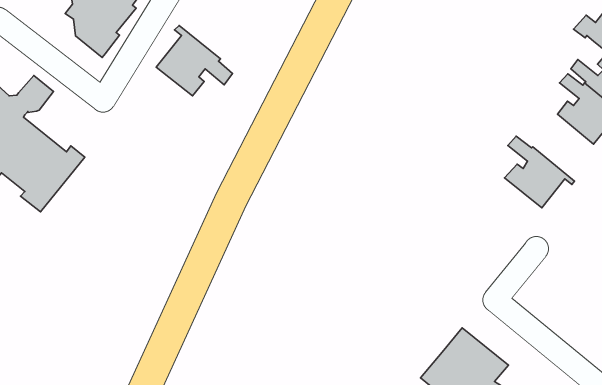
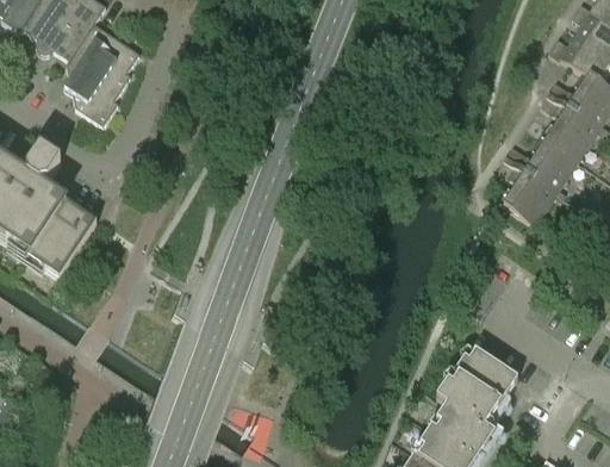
building: [156,26,233,96] -> none
building: none -> [506,133,578,195]

